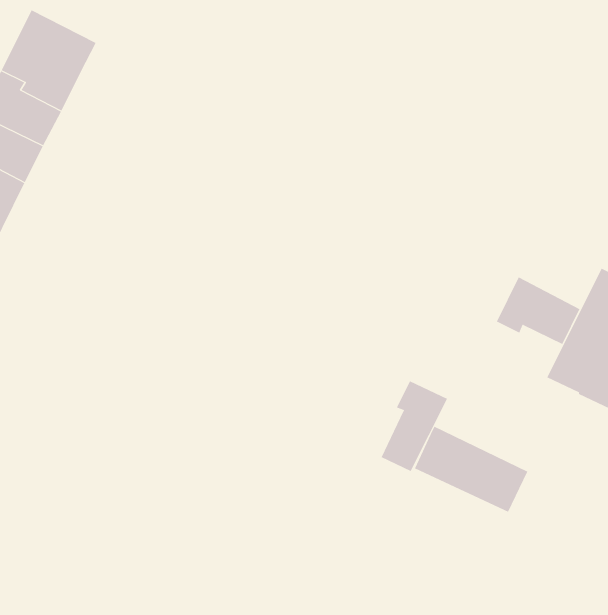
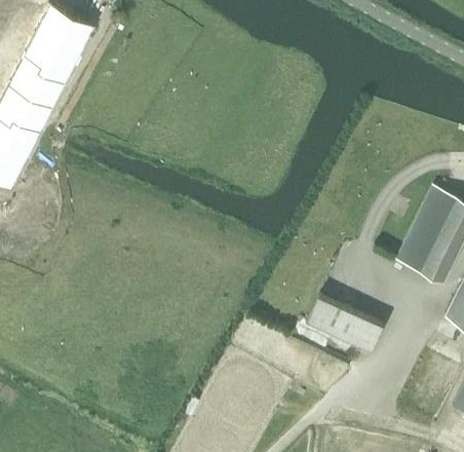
building: [496,277,580,345] -> none
building: [381,380,448,472] -> none

